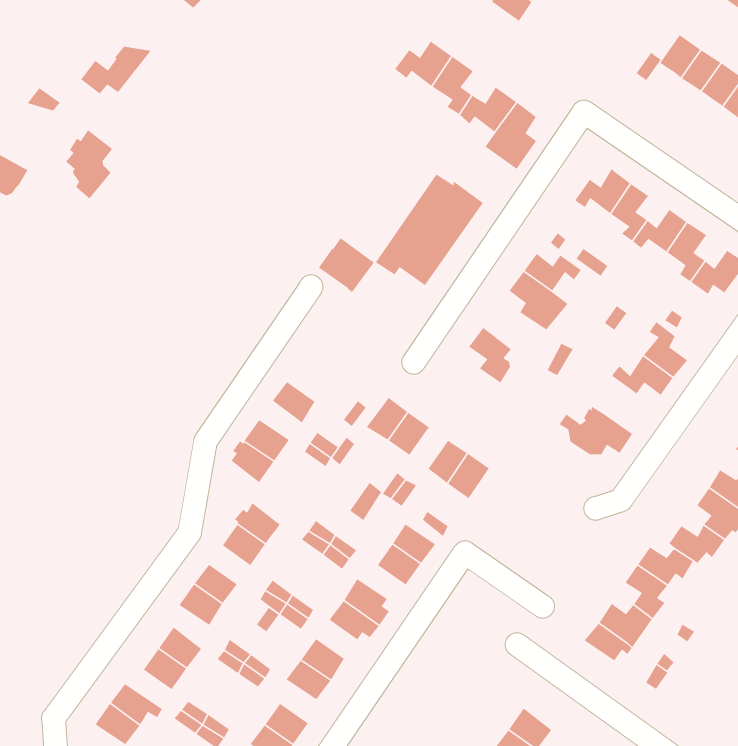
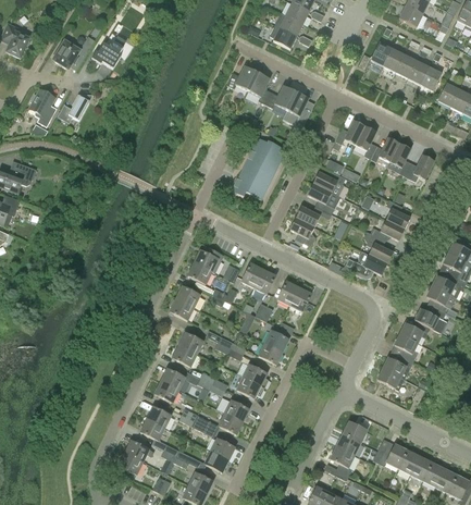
building: [65,129,113,199] -> [29,88,55,126]
building: [318,237,375,293] -> [194,244,224,273]
building: none -> [296,206,331,226]
building: none -> [363,231,393,262]

